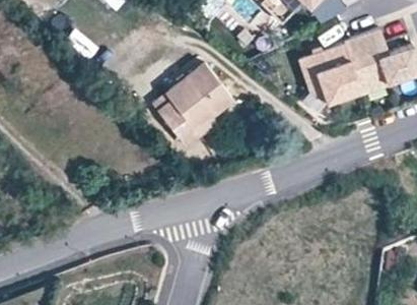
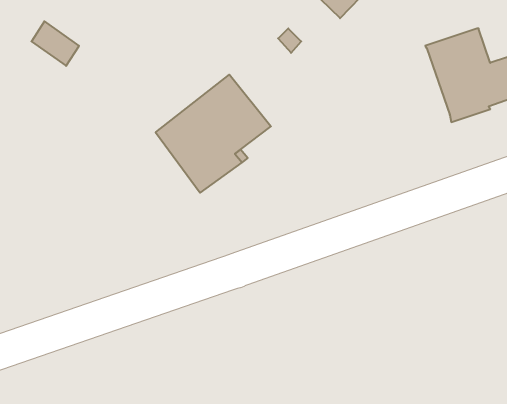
building: [298,46,359,105] -> none

